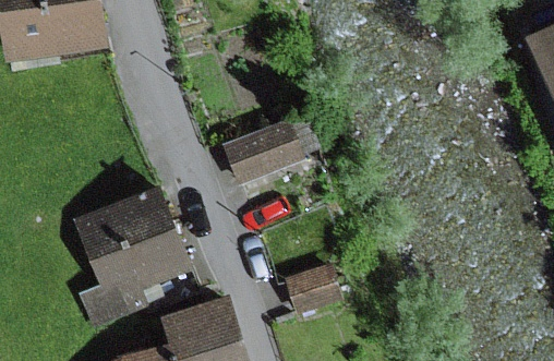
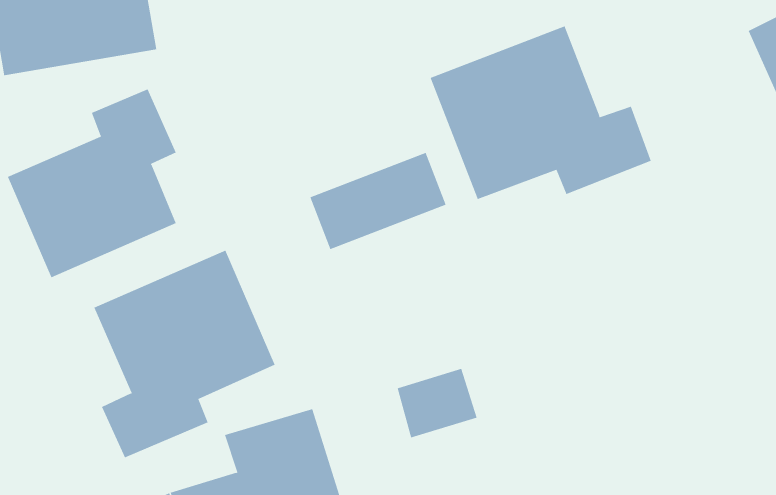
building: none -> [430,25,652,200]
building: none -> [7,89,177,278]

